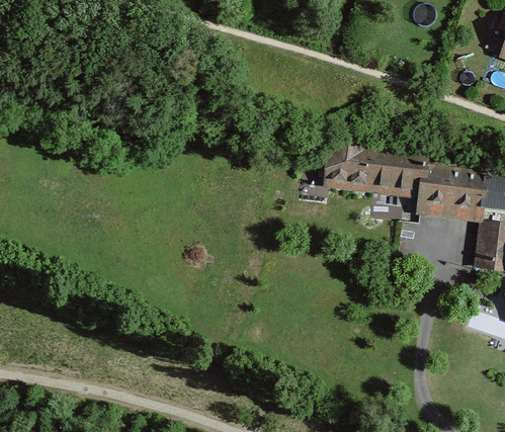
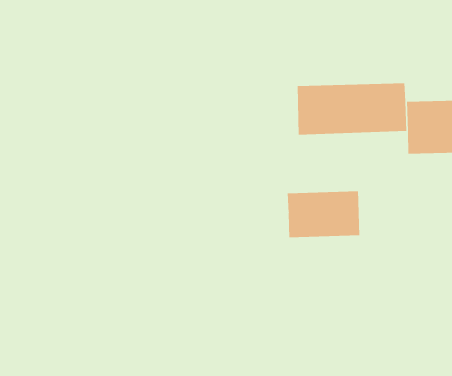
building: none -> [287,191,360,238]

